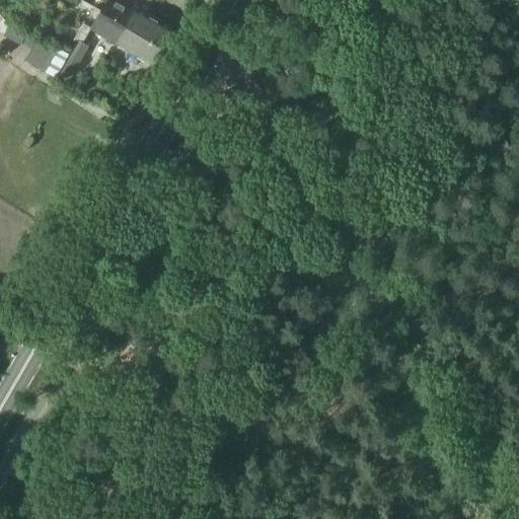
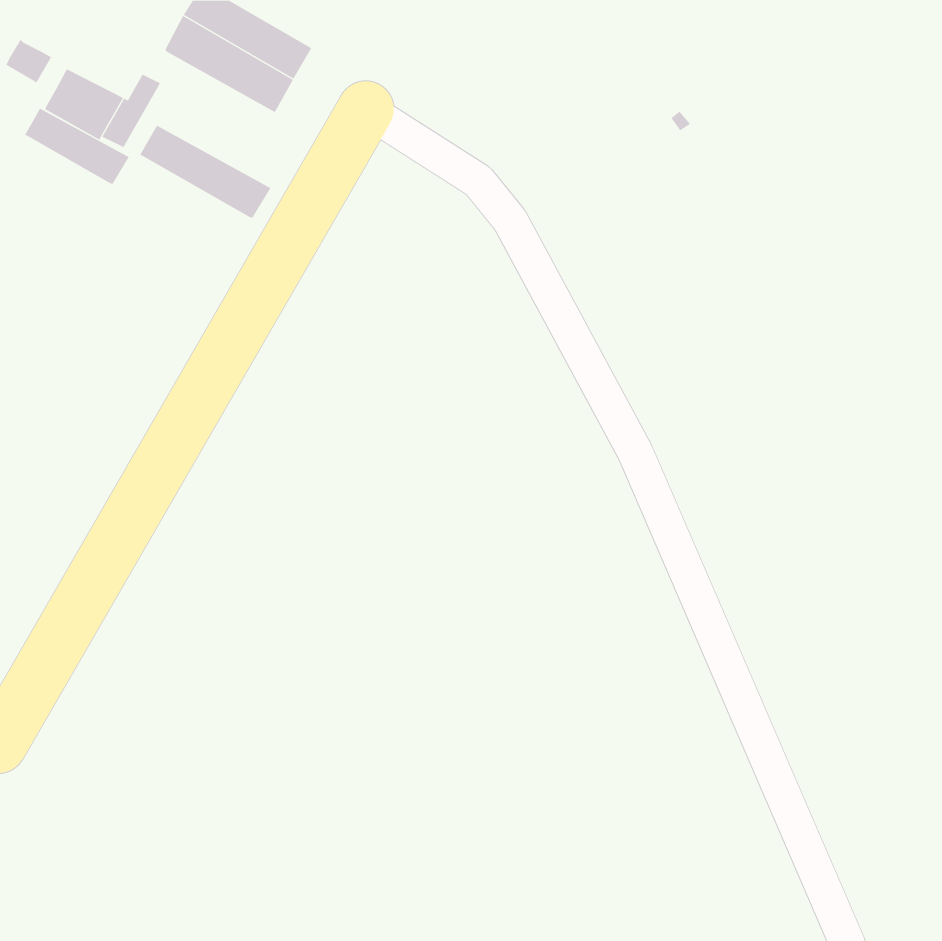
building: none -> [24,108,129,185]
building: none -> [140,125,271,219]

